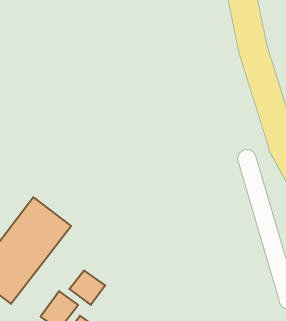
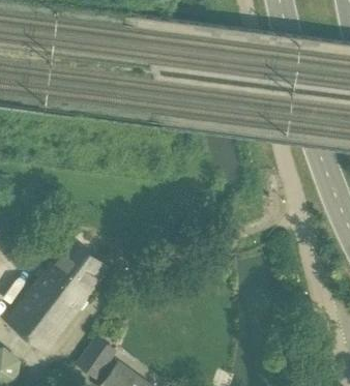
building: [69,270,105,305] -> none

